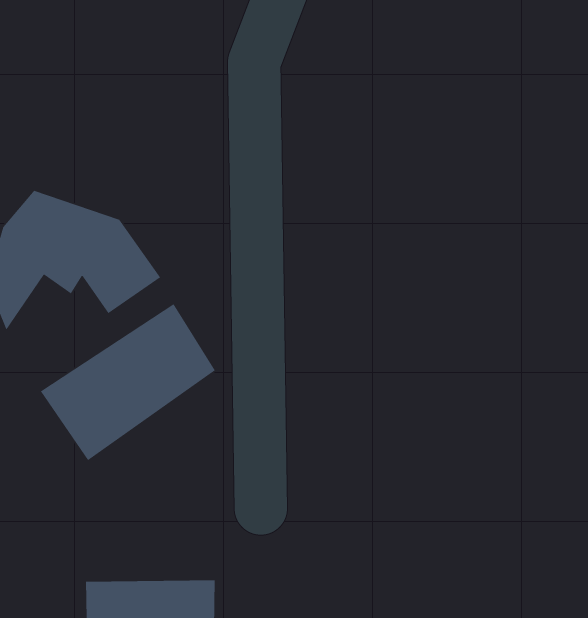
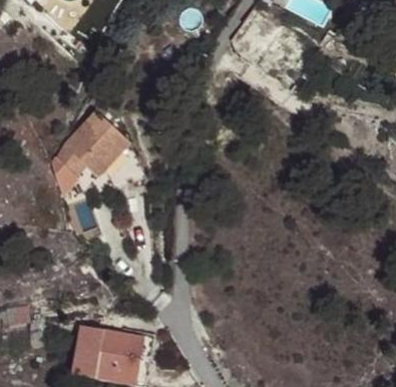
building: [40,303,216,461] -> none

